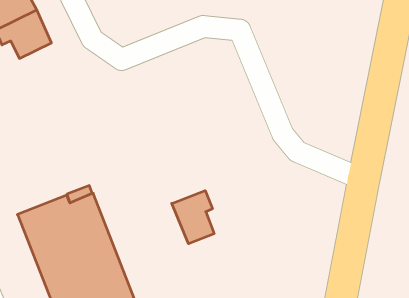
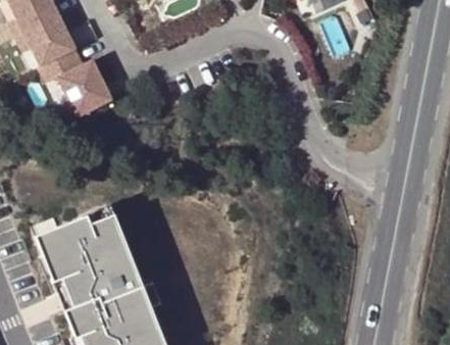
building: none -> [36,54,109,119]
building: [172,191,214,244] -> none

